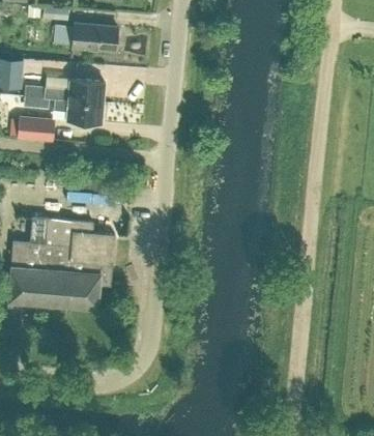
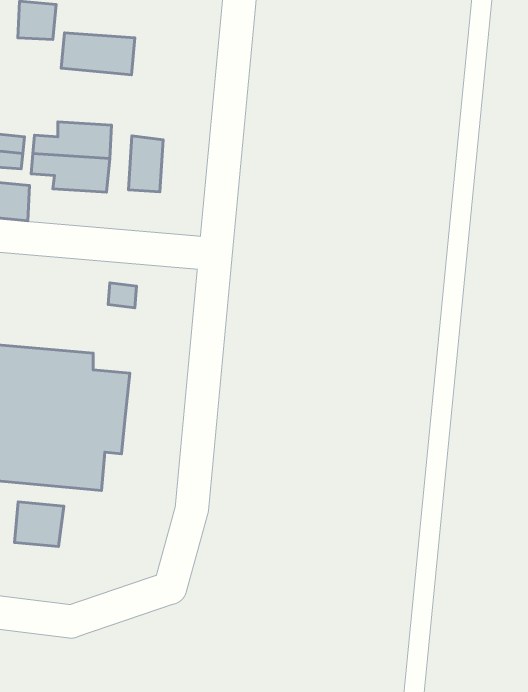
building: none -> [128,136,163,192]
building: none -> [14,502,64,547]

